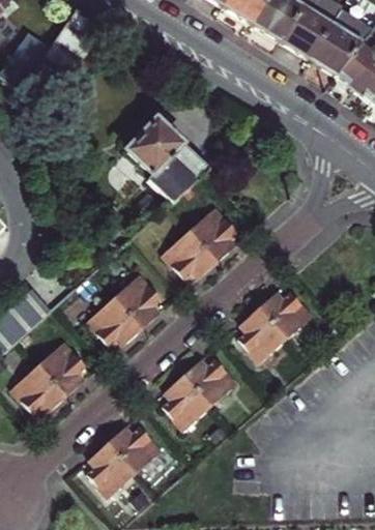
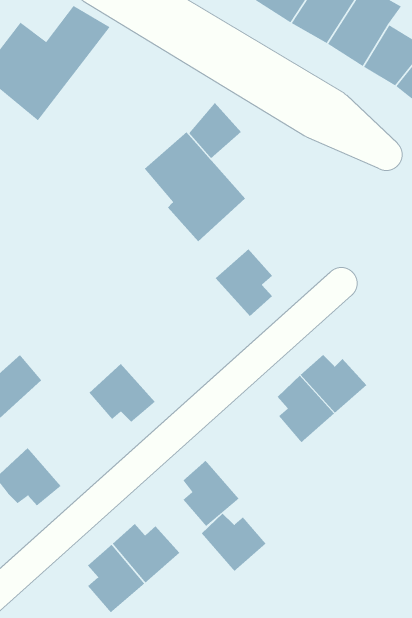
building: none -> [188,102,242,159]
building: [163,229,218,276] -> none
building: [114,274,161,328] -> none
building: [39,342,85,395] -> none
building: [182,358,235,406] -> [201,513,266,572]

